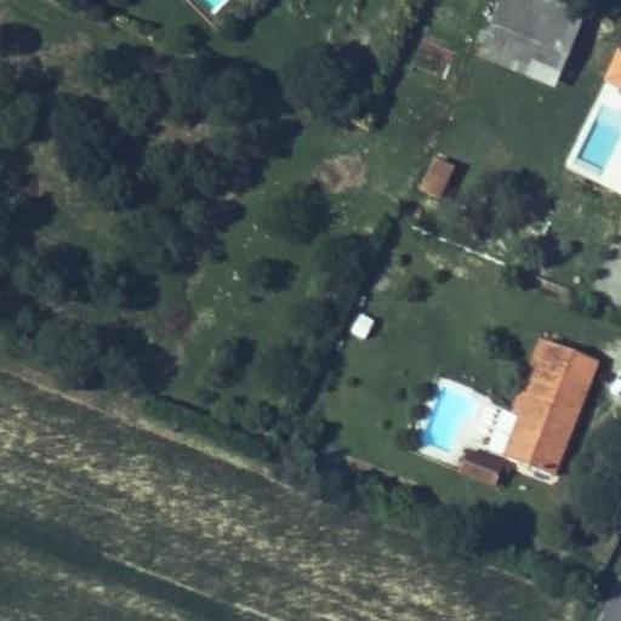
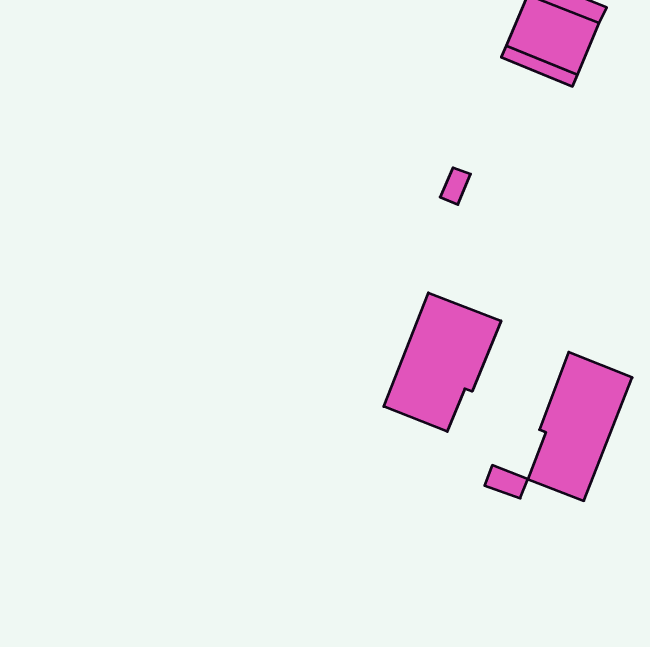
building: none -> [384,293,501,432]

